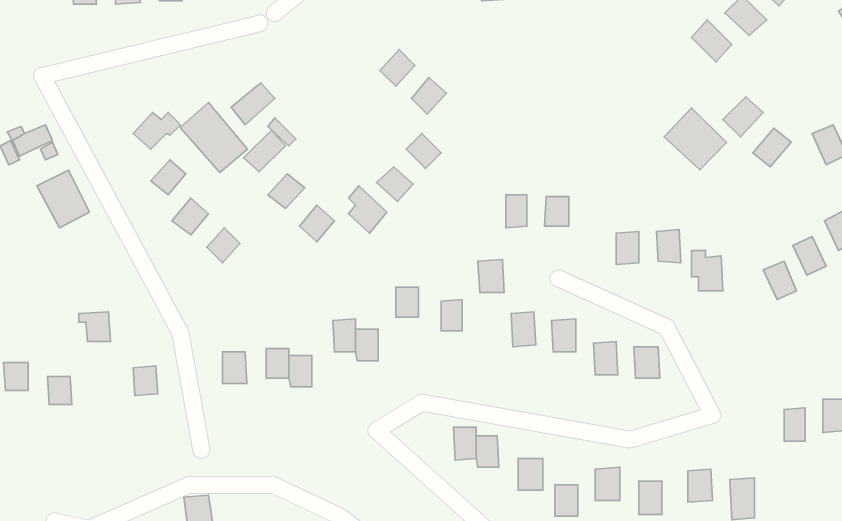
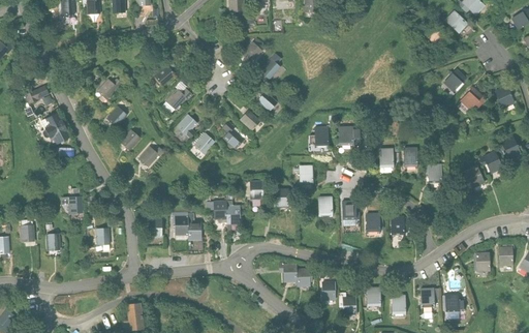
building: [180,103,248,172] -> none
building: [664,108,726,170] -> none

